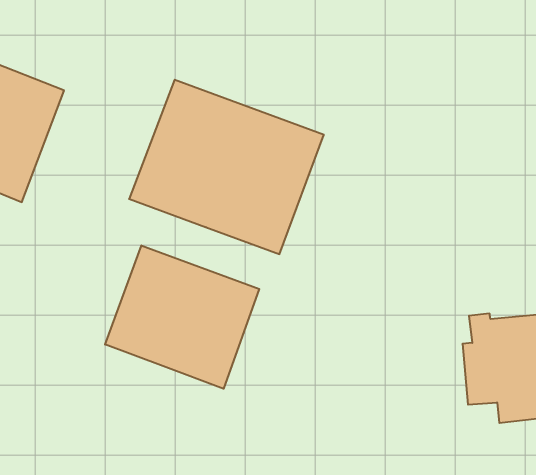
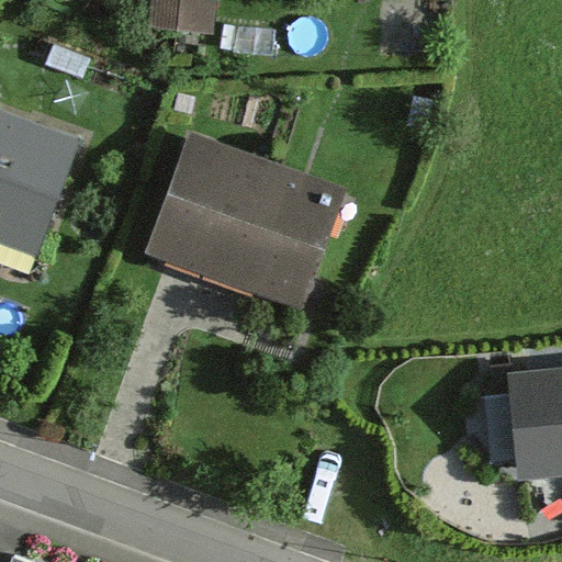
building: [105,245,259,389] -> none

